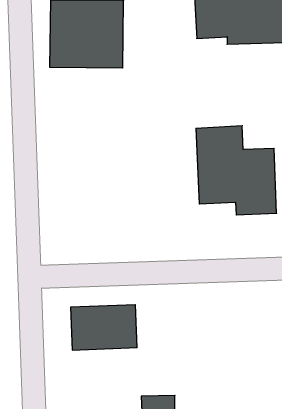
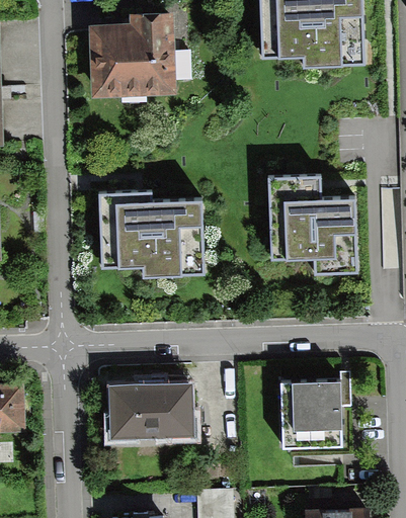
building: none -> [98,188,201,279]
building: none -> [280,370,353,450]

